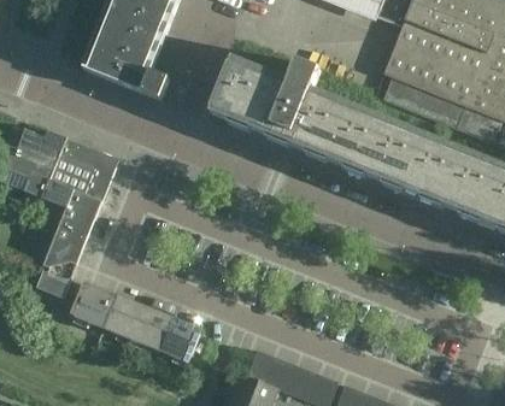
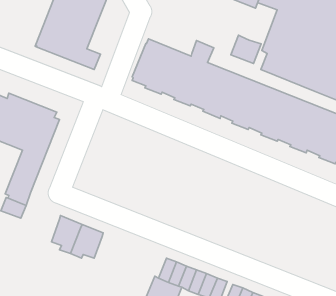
building: none -> [231,35,261,64]
building: [70,280,116,328] -> none
building: [160,316,200,366] -> none

